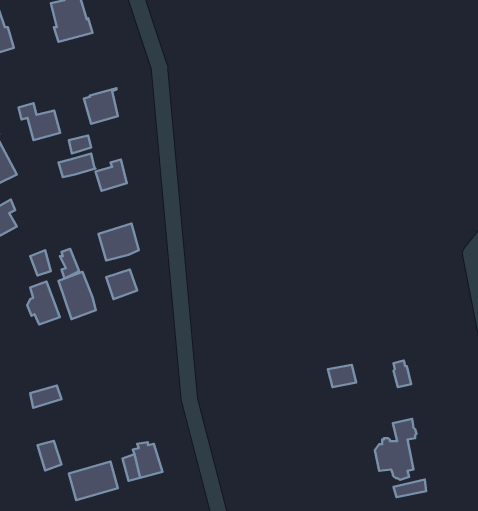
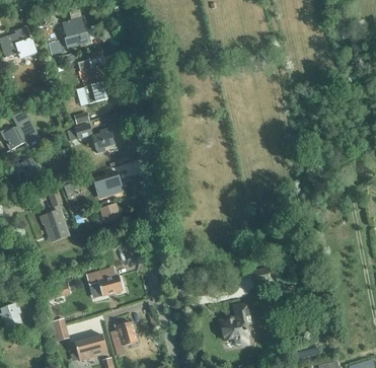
building: [19,103,60,140] -> [77,59,105,84]
building: [58,272,96,319] -> none
building: none -> [86,268,121,295]
building: [375,419,417,480] -> [221,303,249,345]

